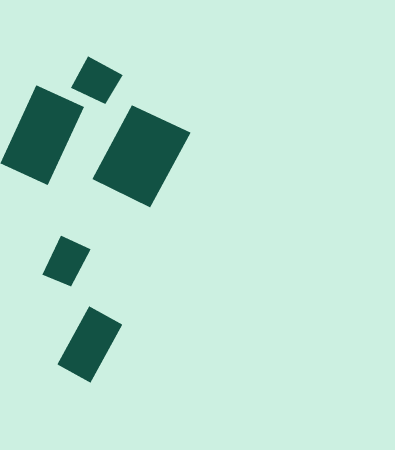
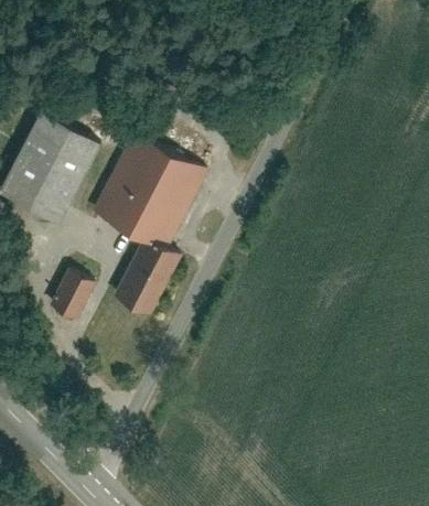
building: [70,55,124,105] -> none
building: [57,305,123,383] -> [110,240,176,317]

